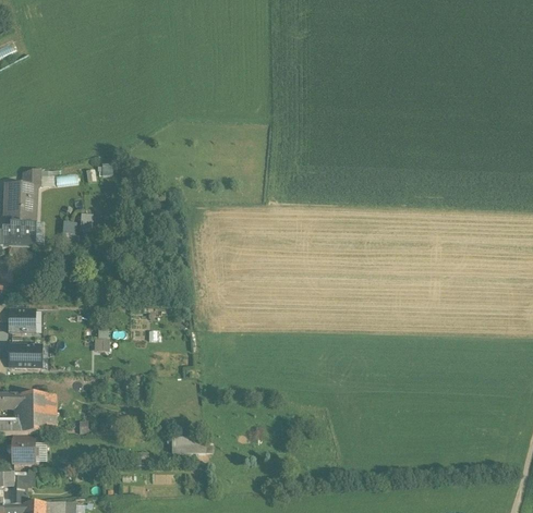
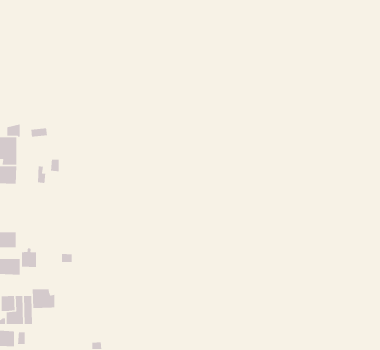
building: none -> [21,247,37,268]
building: none -> [32,288,56,309]
building: [170,437,204,452] -> none

